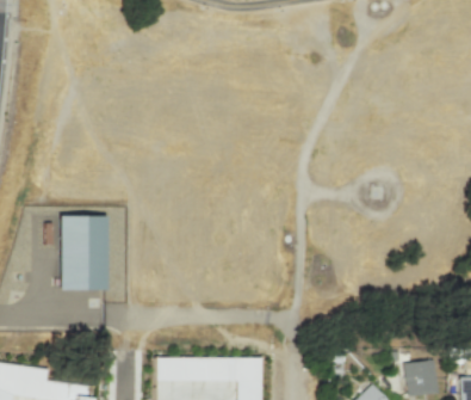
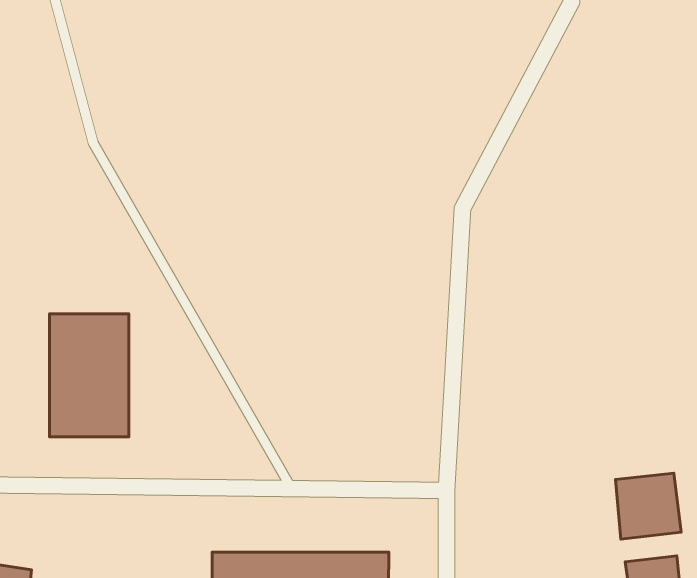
building: none -> [616,473,681,539]

